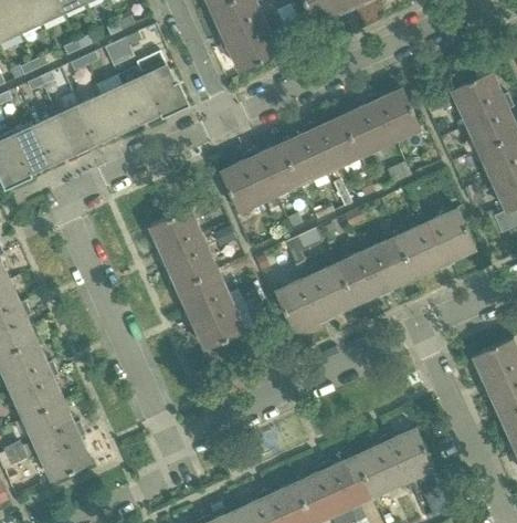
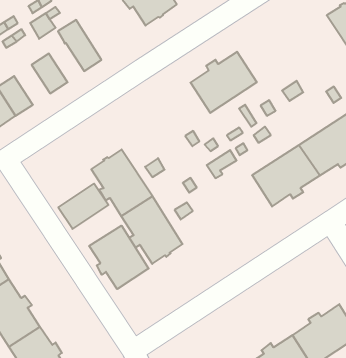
building: [122,76,159,123] -> none
building: [340,90,419,156] -> none
building: [77,96,116,143] -> none
building: [220,145,298,211] -> none
building: none -> [58,184,108,229]
building: [275,263,354,331] -> none
building: none -> [89,226,149,289]

